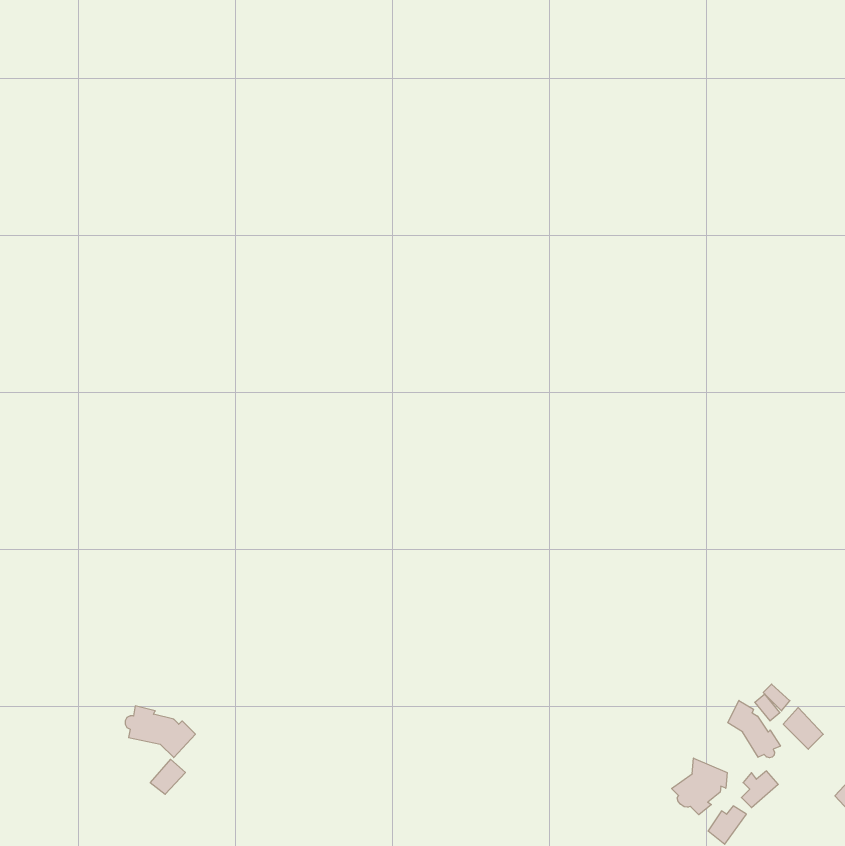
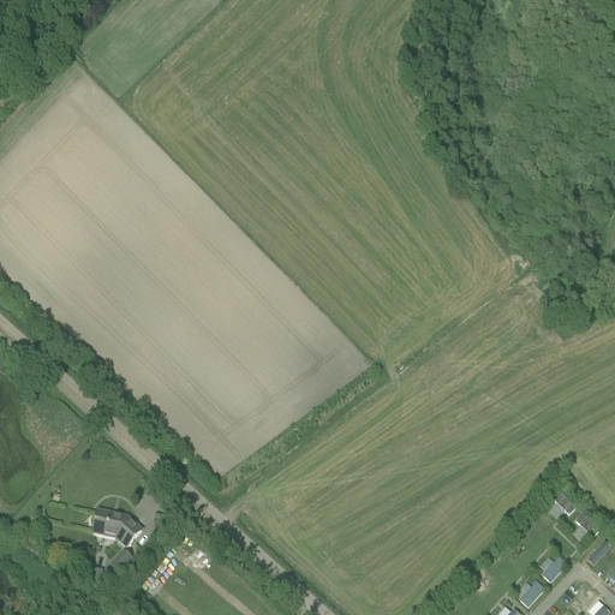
building: [728,700,780,758] -> none
building: [672,758,727,815] -> none

